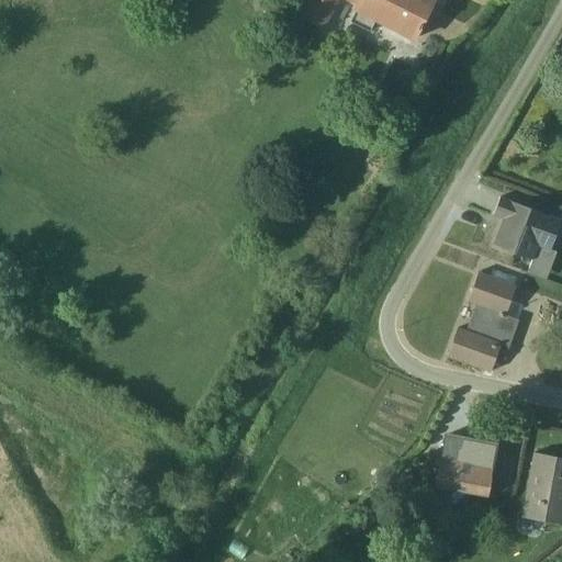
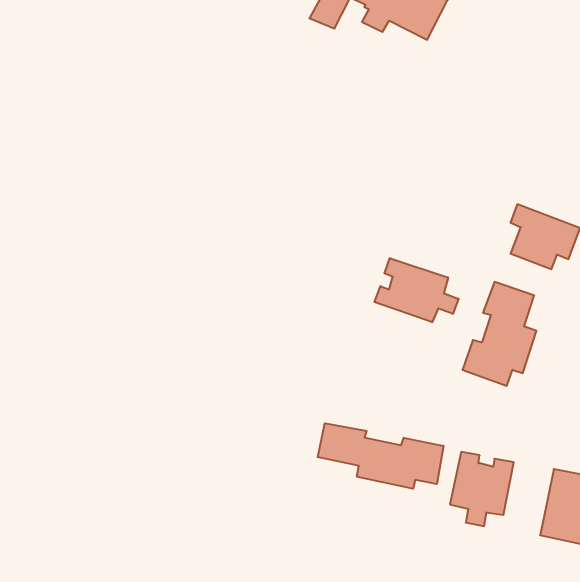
building: none -> [374,258,459,322]
building: none -> [318,423,444,489]

